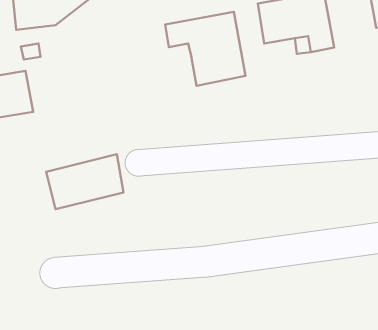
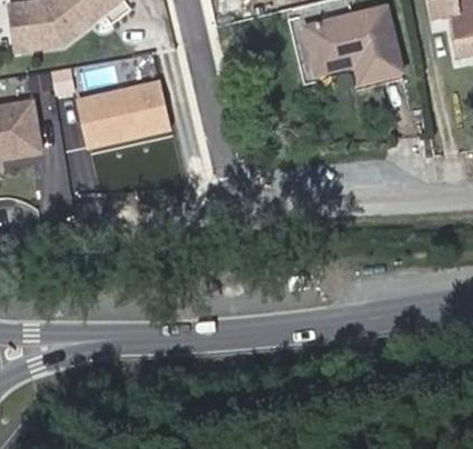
building: [165,12,246,86] -> none
building: [46,154,123,209] -> [79,87,171,152]

